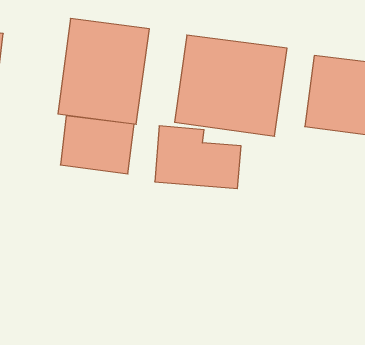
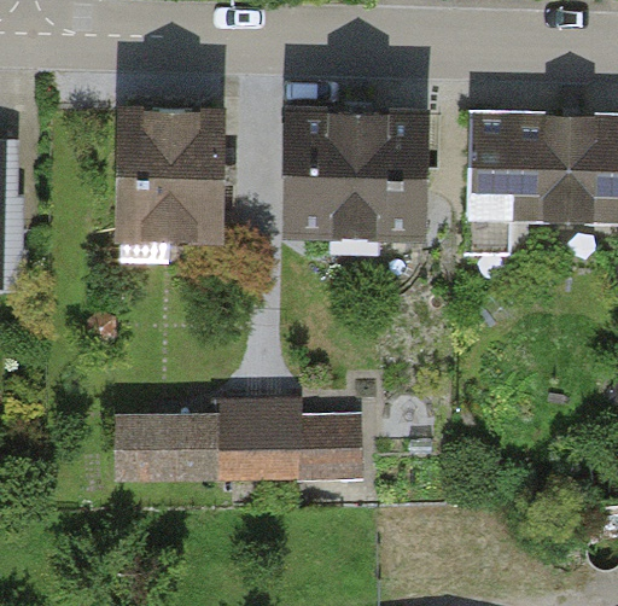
building: [60,116,134,174] -> [117,390,217,464]
building: [155,126,241,189] -> [240,386,366,471]

